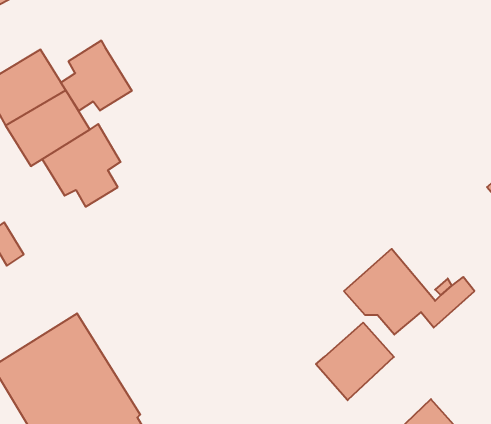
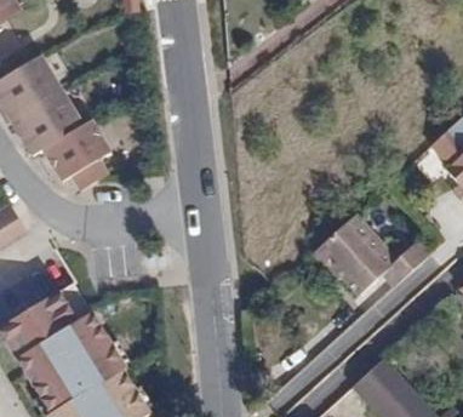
building: [61,40,132,111] -> none
building: [316,323,394,400] -> none

